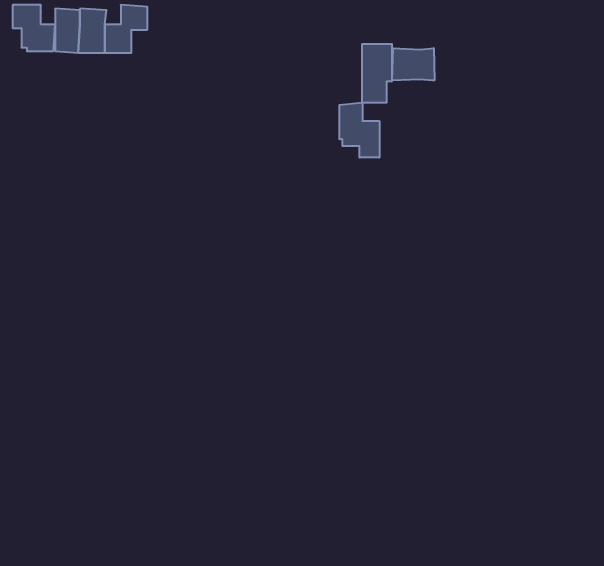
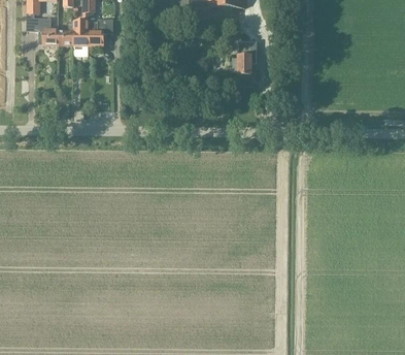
building: [392,48,434,80] -> none
building: [339,103,379,158] -> none

